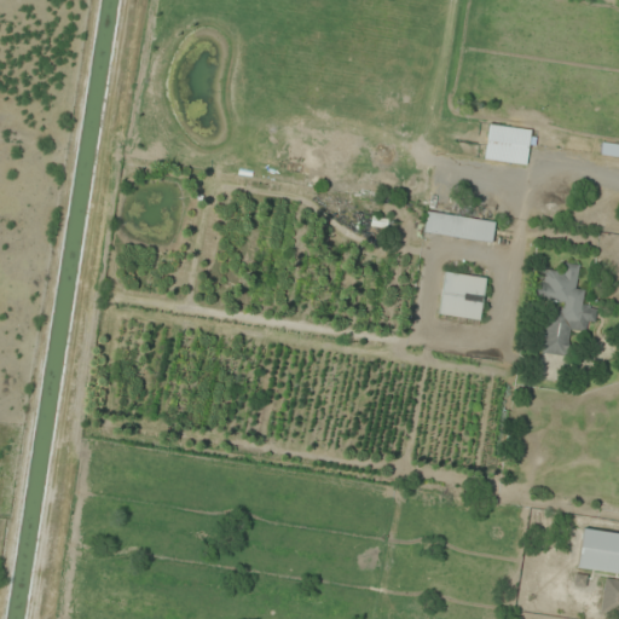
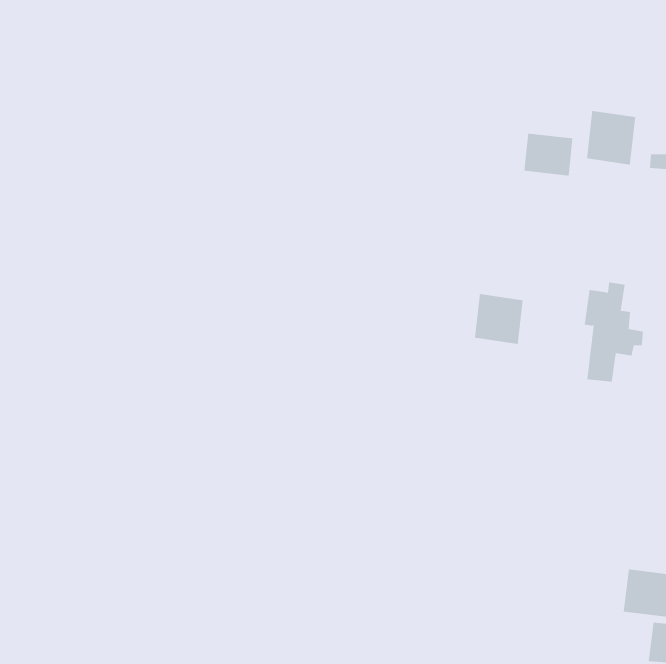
building: none -> [586,110,636,165]
building: [424,213,496,242] -> none

